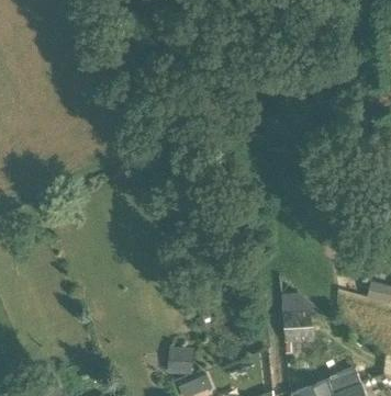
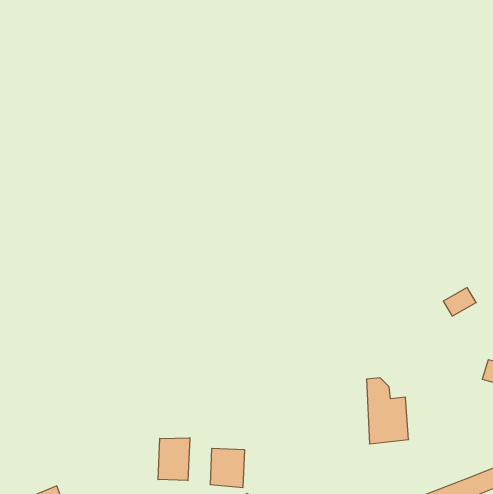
building: none -> [158,438,190,481]

